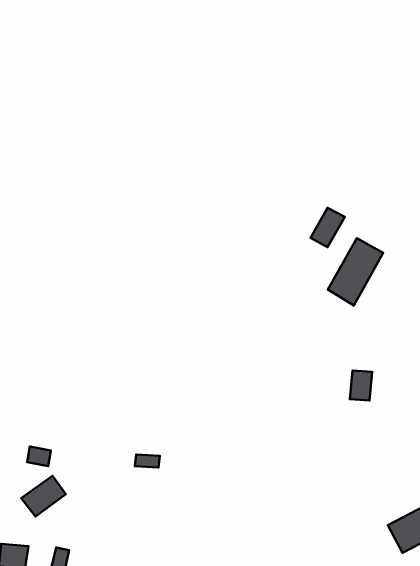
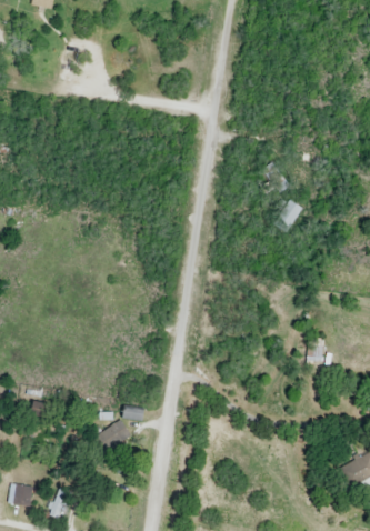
building: [328,238,383,306] -> none
building: [21,476,66,517] -> [93,420,131,454]

